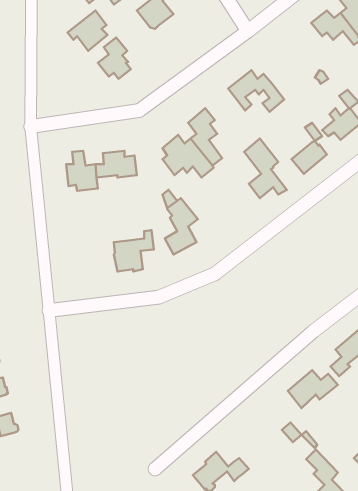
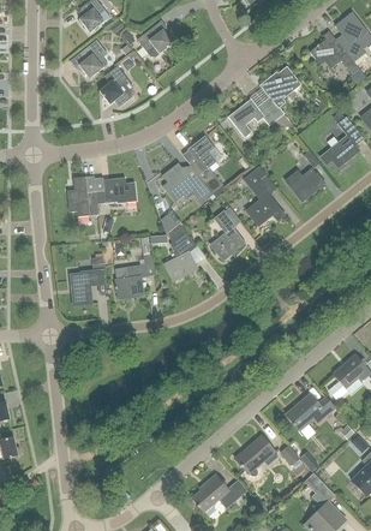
building: none -> [258,65,300,126]
building: none -> [211,207,240,258]
building: none -> [68,268,104,305]
building: none -> [234,434,275,475]

